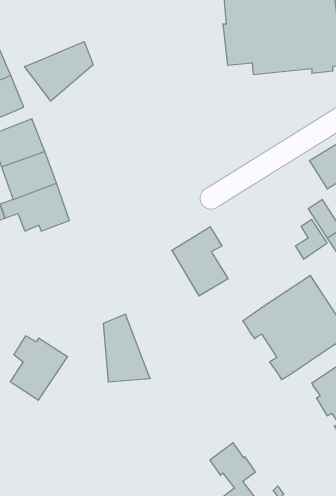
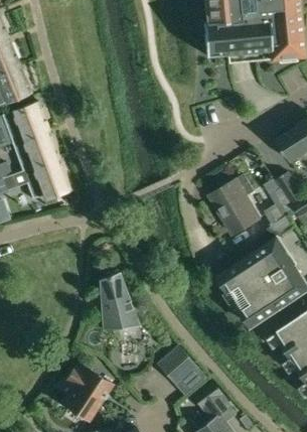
building: [24,42,93,101] -> none
building: [172,227,228,296] -> [211,175,260,235]
building: [10,336,68,400] -> [63,366,113,421]
building: none -> [158,347,196,386]

